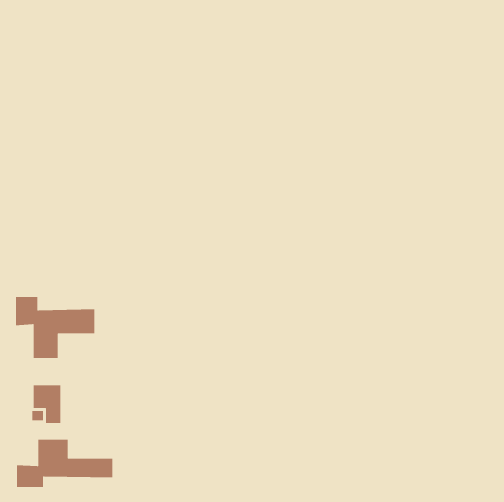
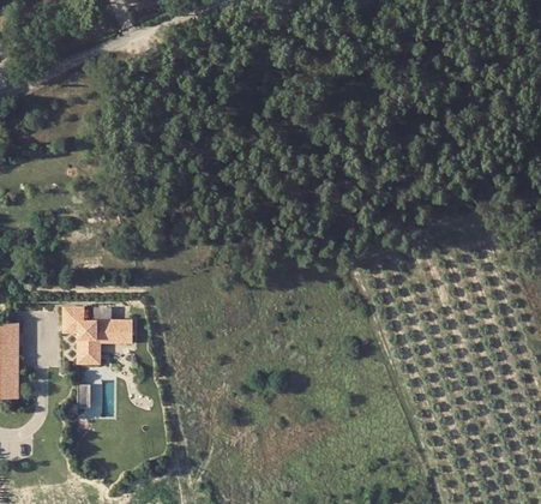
building: [16,439,113,488] -> none

